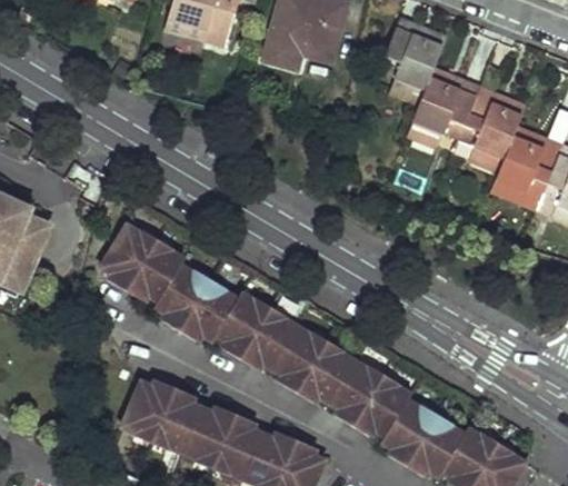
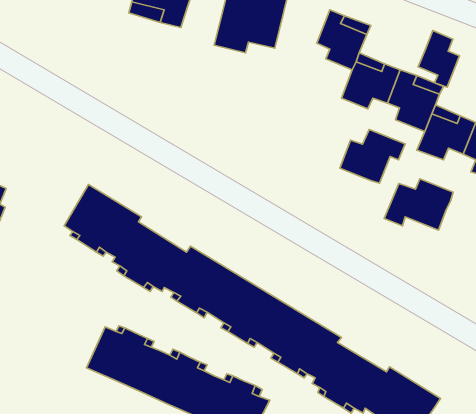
building: none -> [418,30,460,87]
building: none -> [340,129,405,183]
building: none -> [384,179,453,230]

